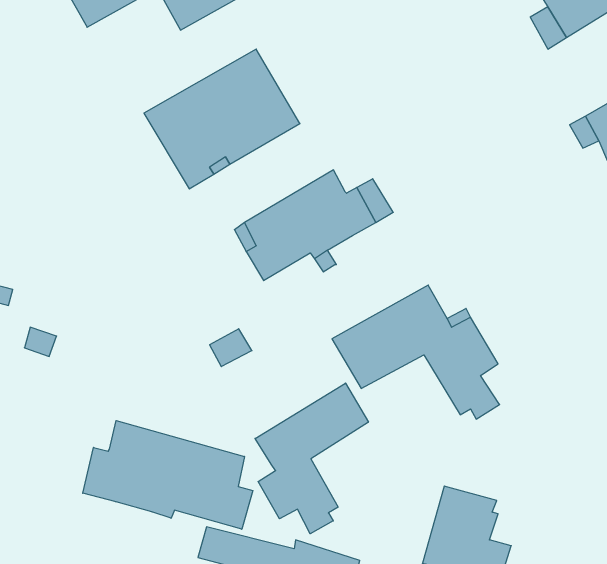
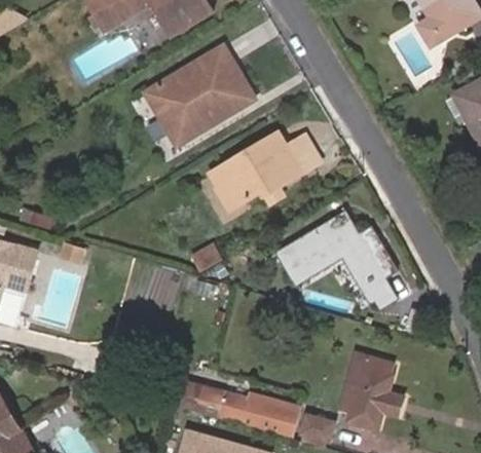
building: [255,383,368,534] -> none
building: [83,421,253,529] -> none

